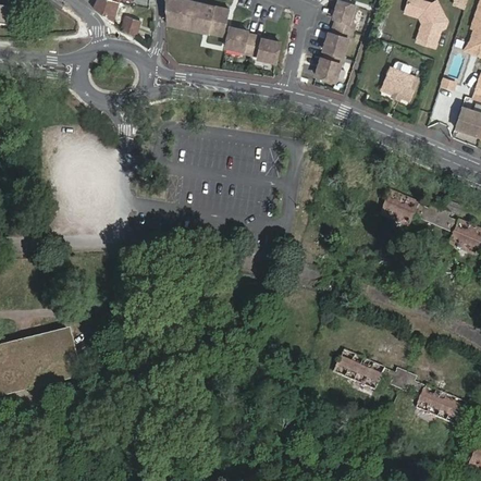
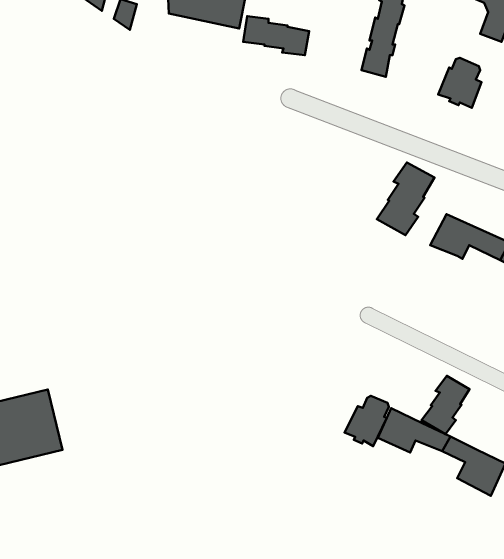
building: none -> [377,162,434,235]
building: none -> [422,376,470,434]
building: none -> [344,396,389,446]

